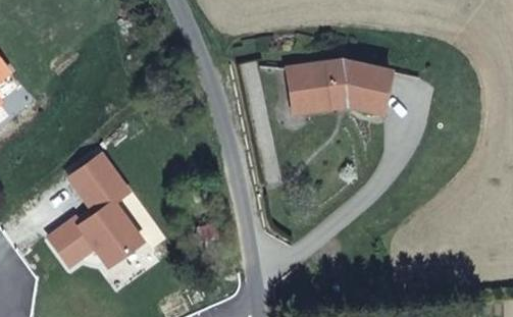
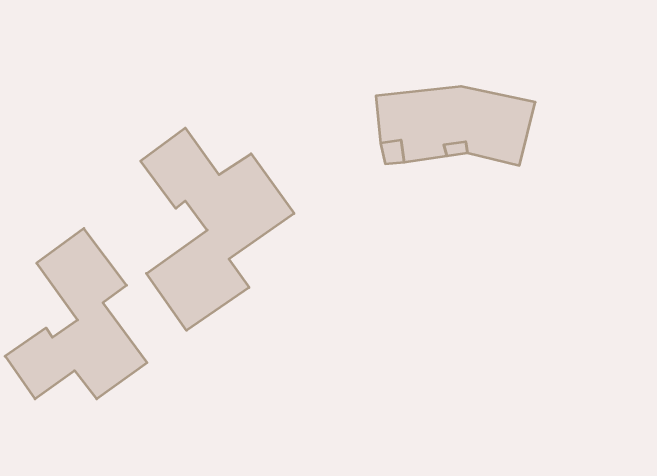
building: none -> [141,128,294,330]

